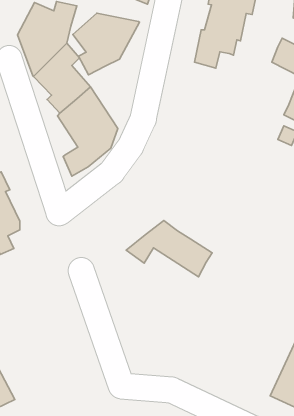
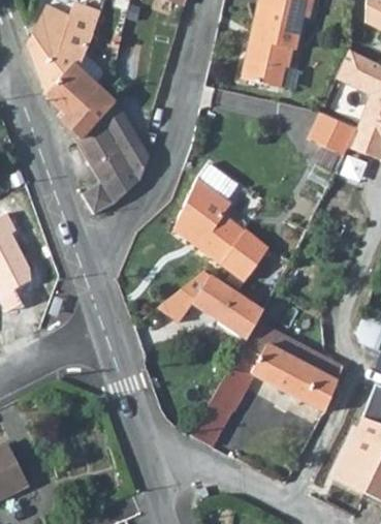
building: [73,13,140,75] -> none
building: none -> [309,113,356,153]
building: none -> [176,176,268,279]
building: none -> [191,319,342,445]

